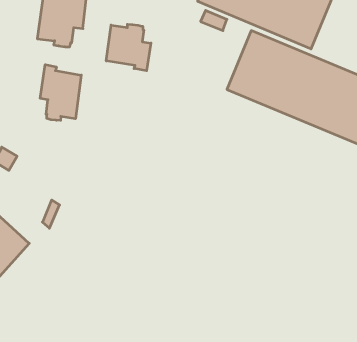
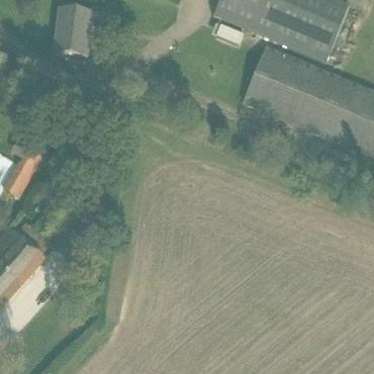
building: [106,24,151,71] -> none
building: [40,65,81,120] -> none

